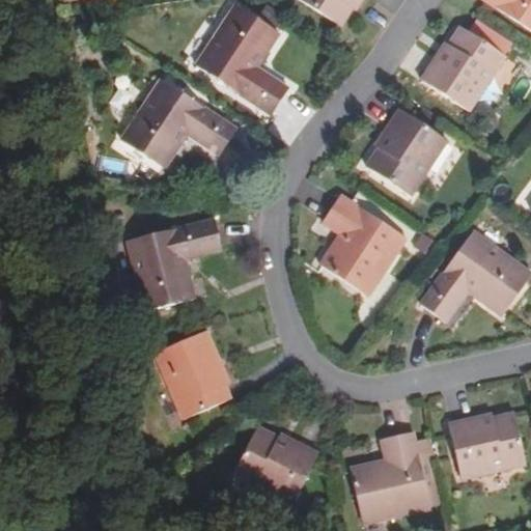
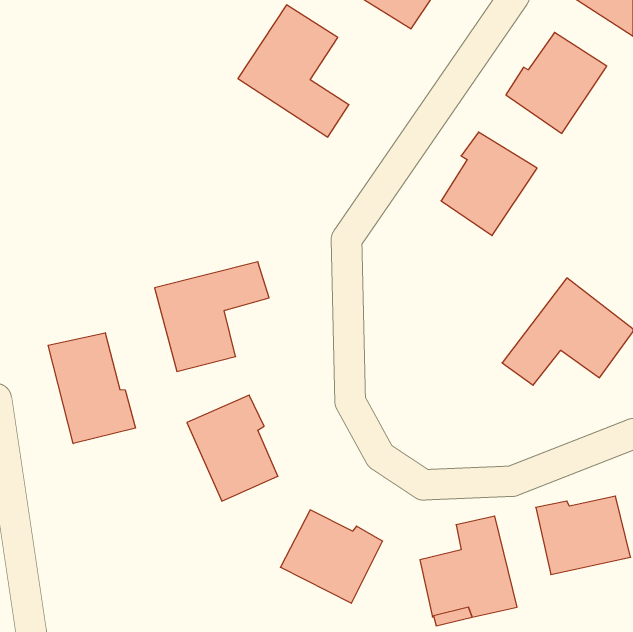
building: [121,78,236,167] -> none
building: [322,195,406,290] -> none
building: none -> [48,333,135,444]

